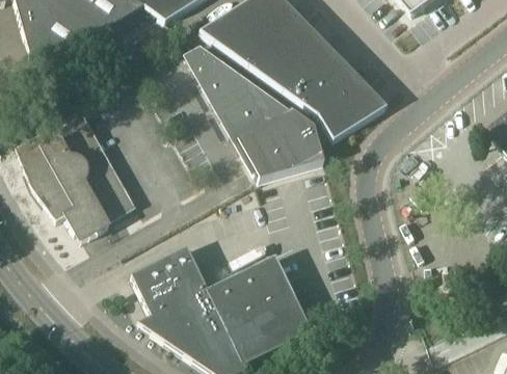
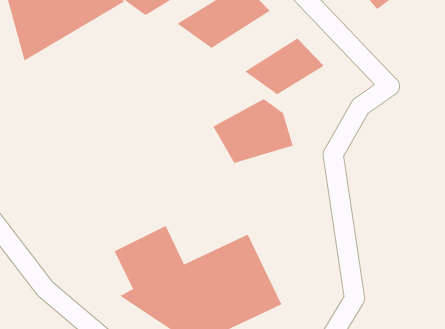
building: [235,15,327,80] -> none
building: [186,44,291,139] -> none
building: [305,74,386,138] -> none
building: [15,112,129,232] -> none

